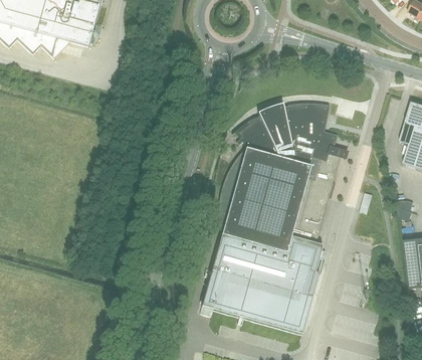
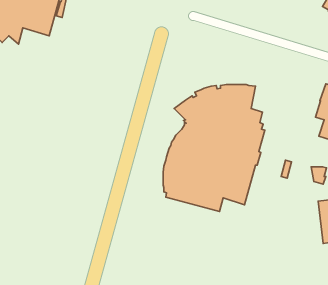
building: [201,232,326,331] -> none

